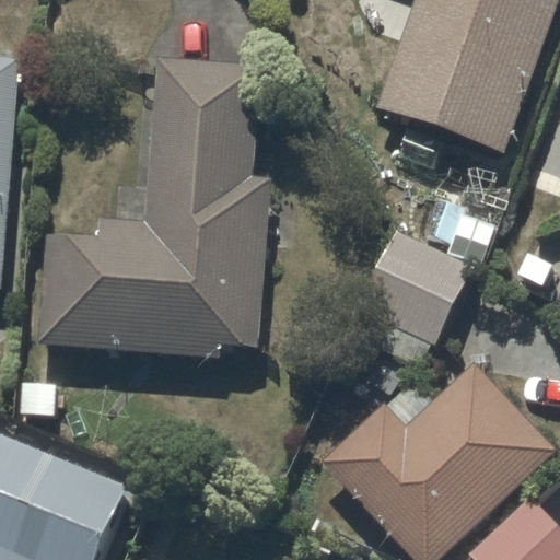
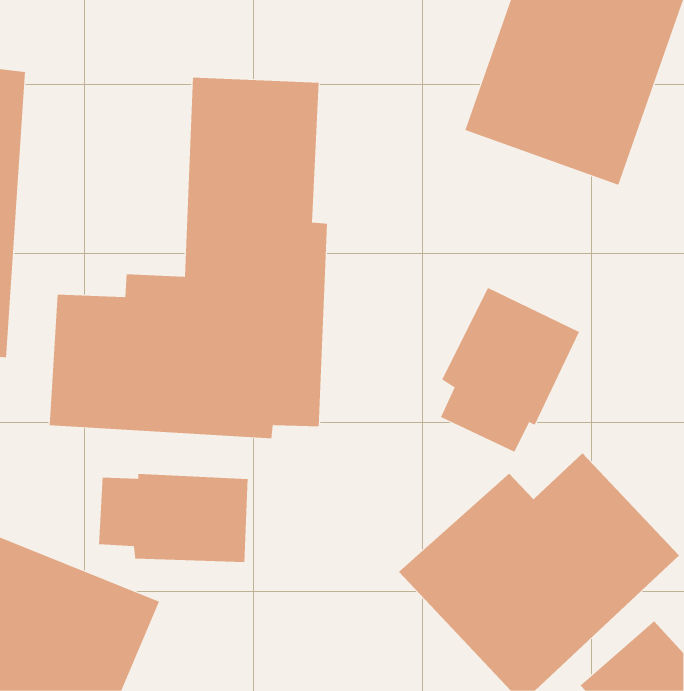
building: none -> [99,473,248,563]

